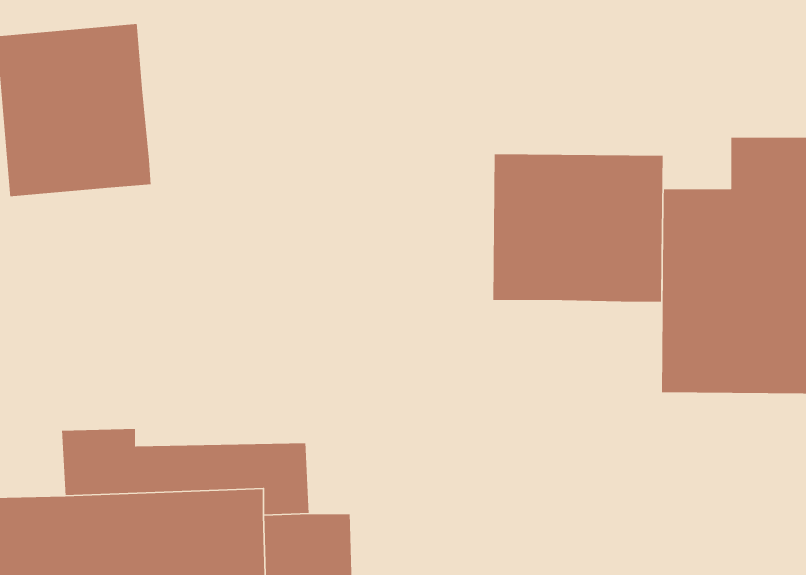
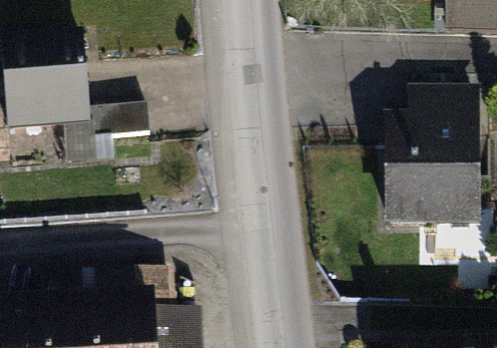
building: none -> [64,106,147,165]
building: [493,154,663,302] -> none

